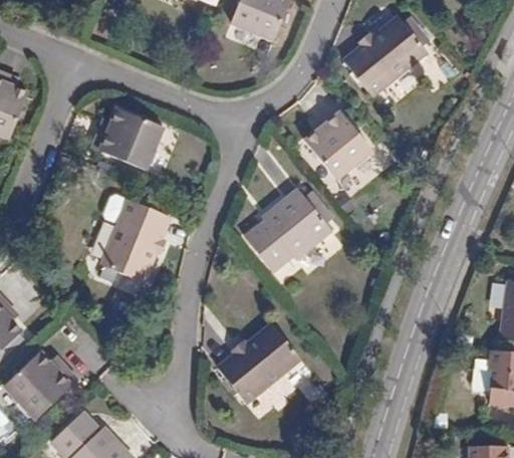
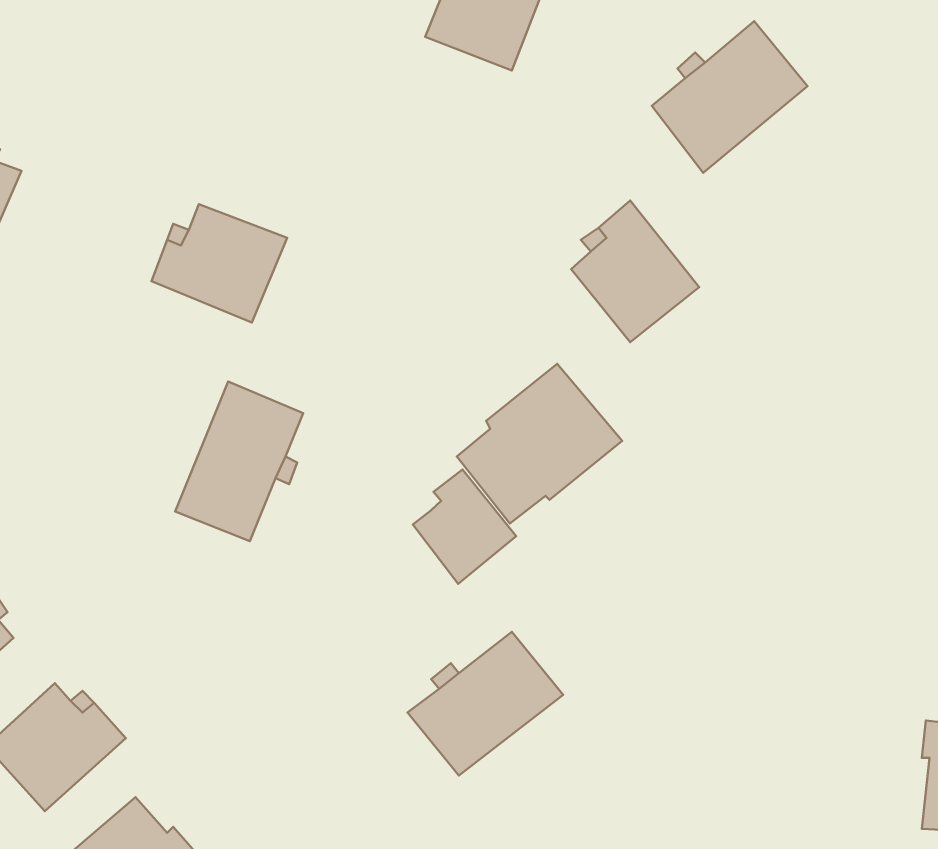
building: none -> [413,470,516,584]

